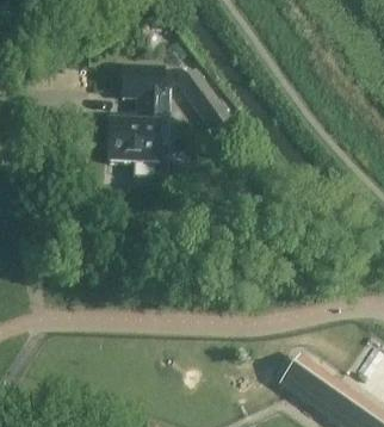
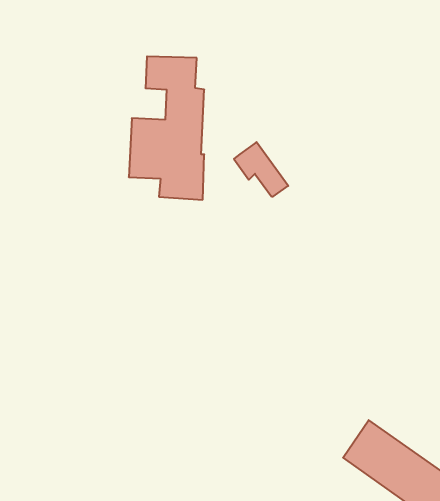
building: [179,69,222,112] -> [234,142,288,196]

